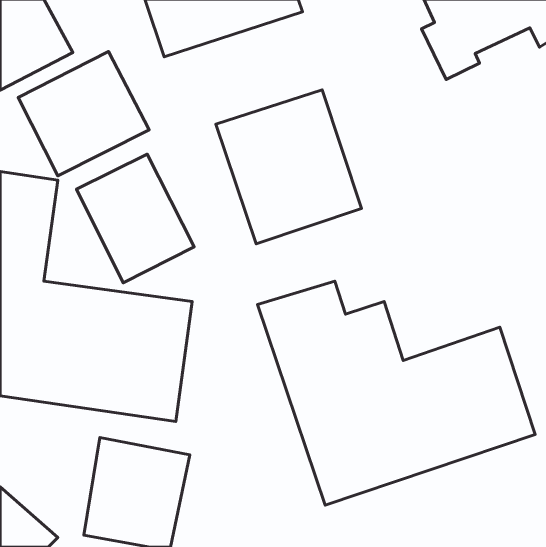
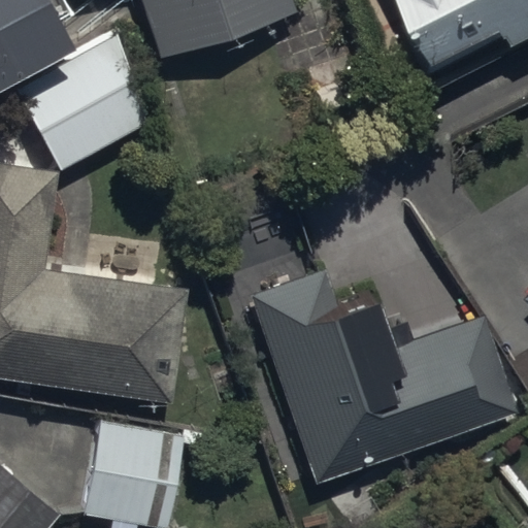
building: [216,90,362,244] -> none
building: [76,154,194,283] -> none

